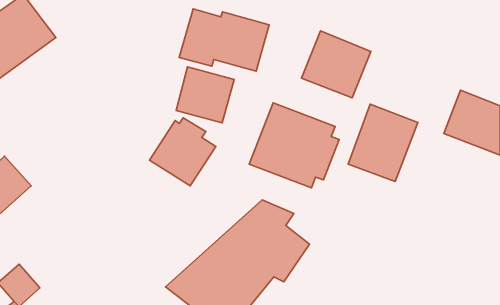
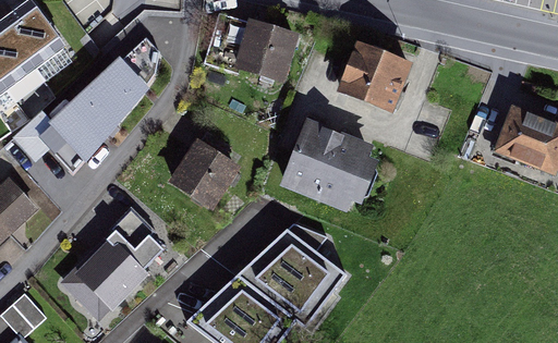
building: none -> [13,38,159,176]
building: [176,67,234,123] -> none
building: [348,104,418,181] -> none
building: none -> [60,210,163,322]

